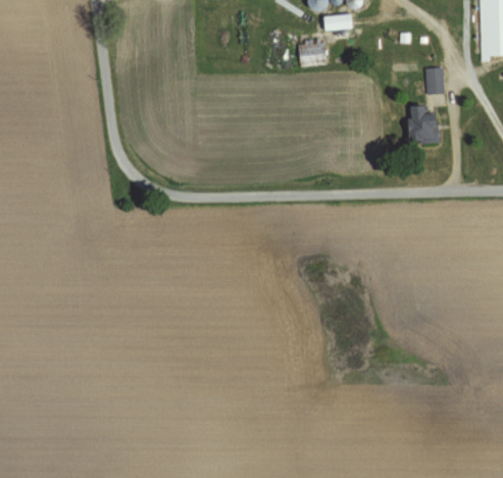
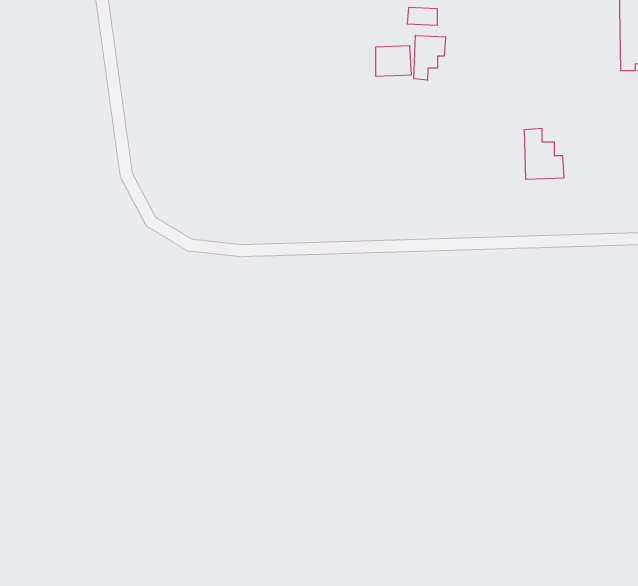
building: none -> [414,35,445,80]
building: [426,66,445,93] -> none

